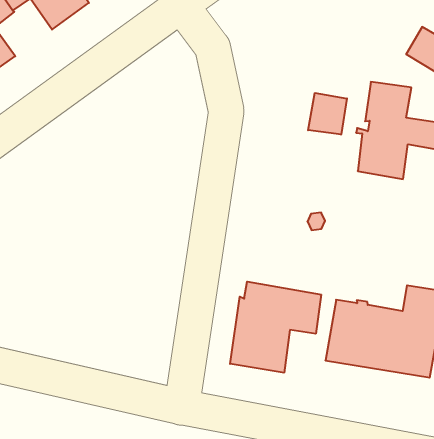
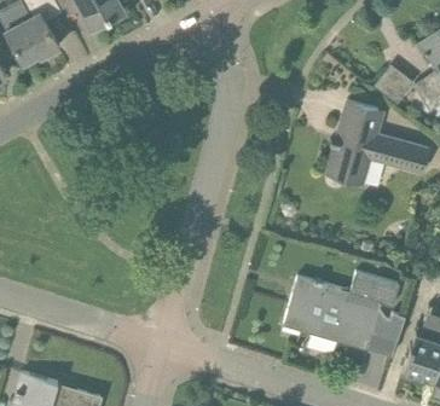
building: [308,93,347,135] -> none
building: [230,282,321,373] -> none

